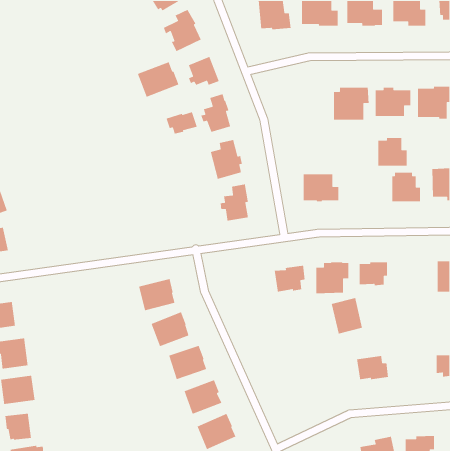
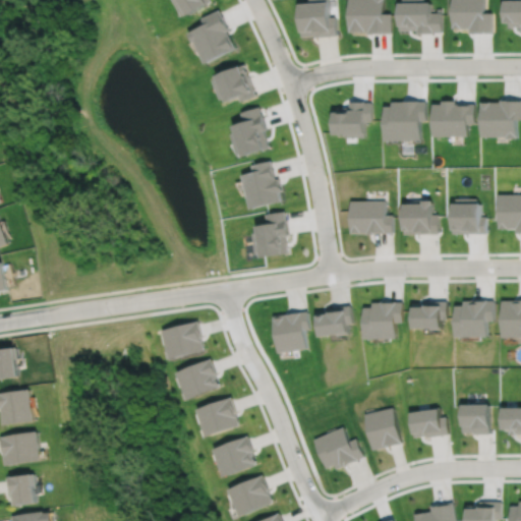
building: [137,61,179,98] -> none
building: none -> [332,103,370,137]
building: [166,111,198,135] -> none
building: [377,137,408,166] -> [401,200,436,234]
building: none -> [455,300,494,338]
building: none -> [271,312,308,353]
building: [331,297,363,335] -> [363,408,400,451]
building: none -> [461,406,489,436]
building: none -> [312,428,362,470]

